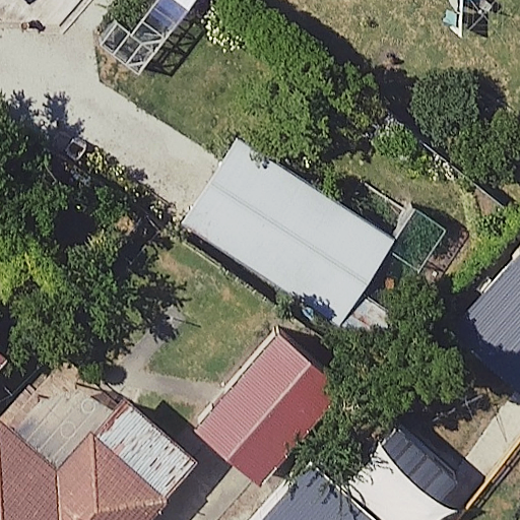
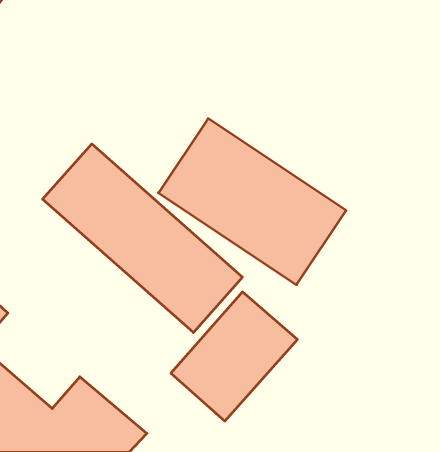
building: none -> [43,144,242,333]

